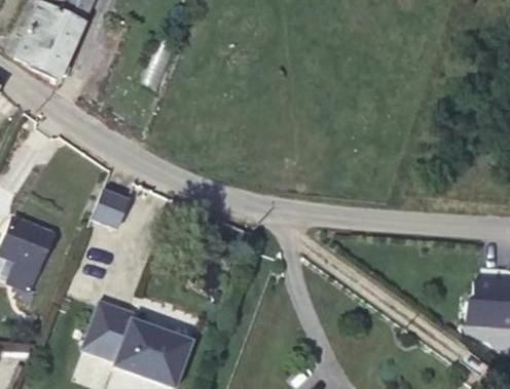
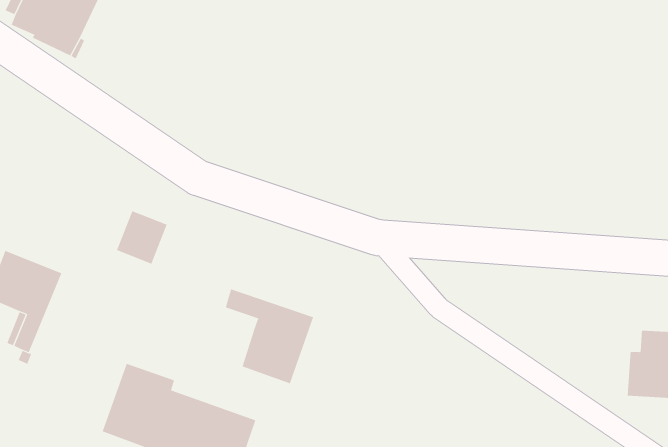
building: none -> [225,289,314,384]

